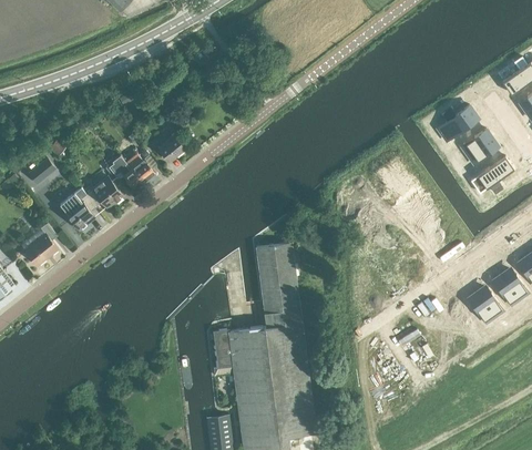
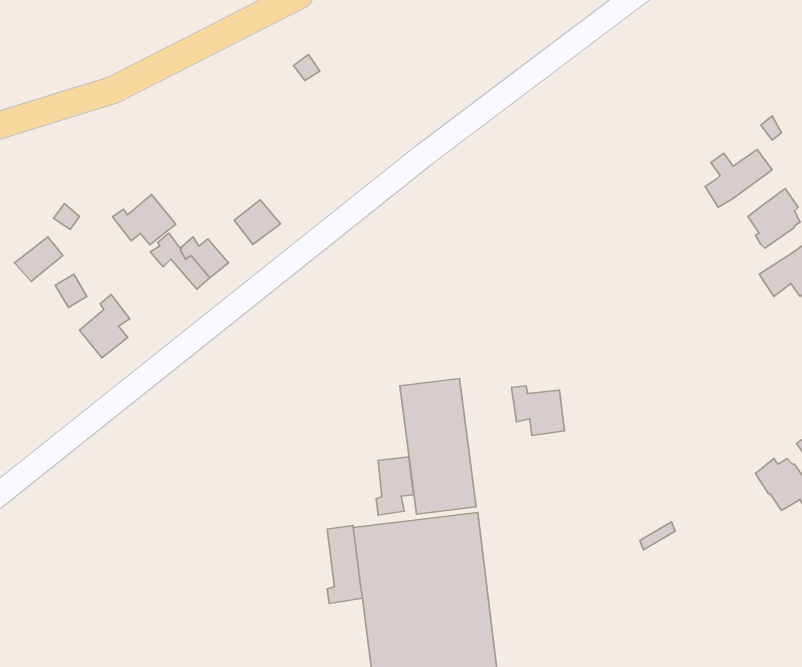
building: [83,180,121,209] -> [112,194,176,245]
building: [23,224,57,267] -> none
building: none -> [512,386,565,435]
building: none -> [376,457,414,515]

